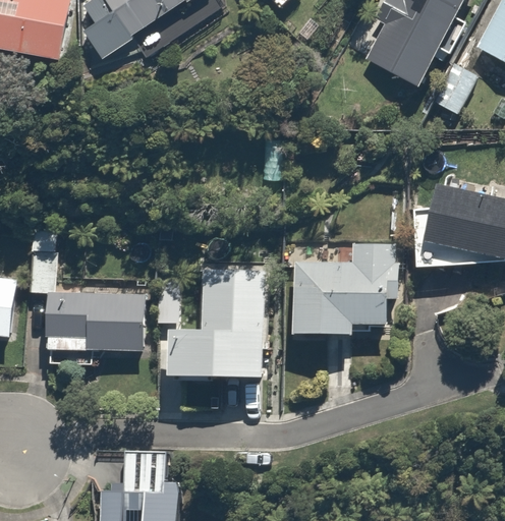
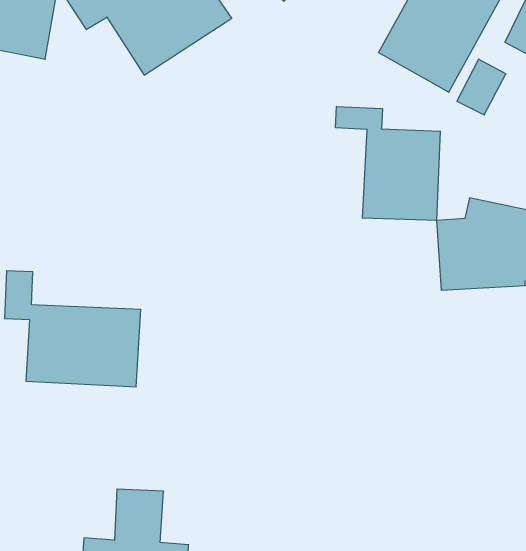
building: none -> [336,106,440,221]
building: [292,243,394,337] -> none
building: [172,267,268,380] -> none

